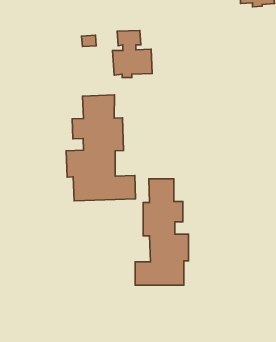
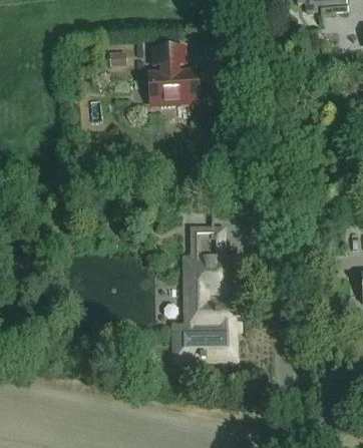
building: [66,95,135,201] -> none

